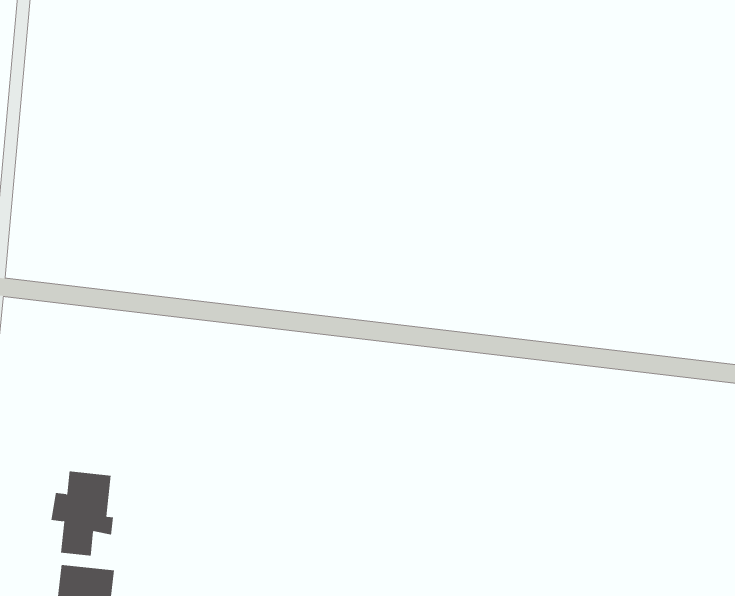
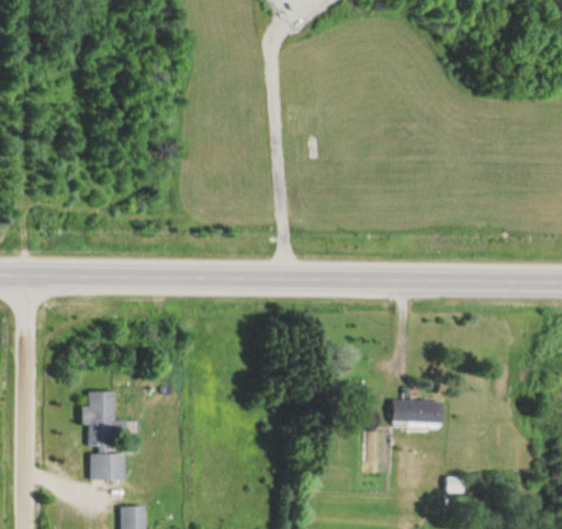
building: none -> [390,401,443,423]

